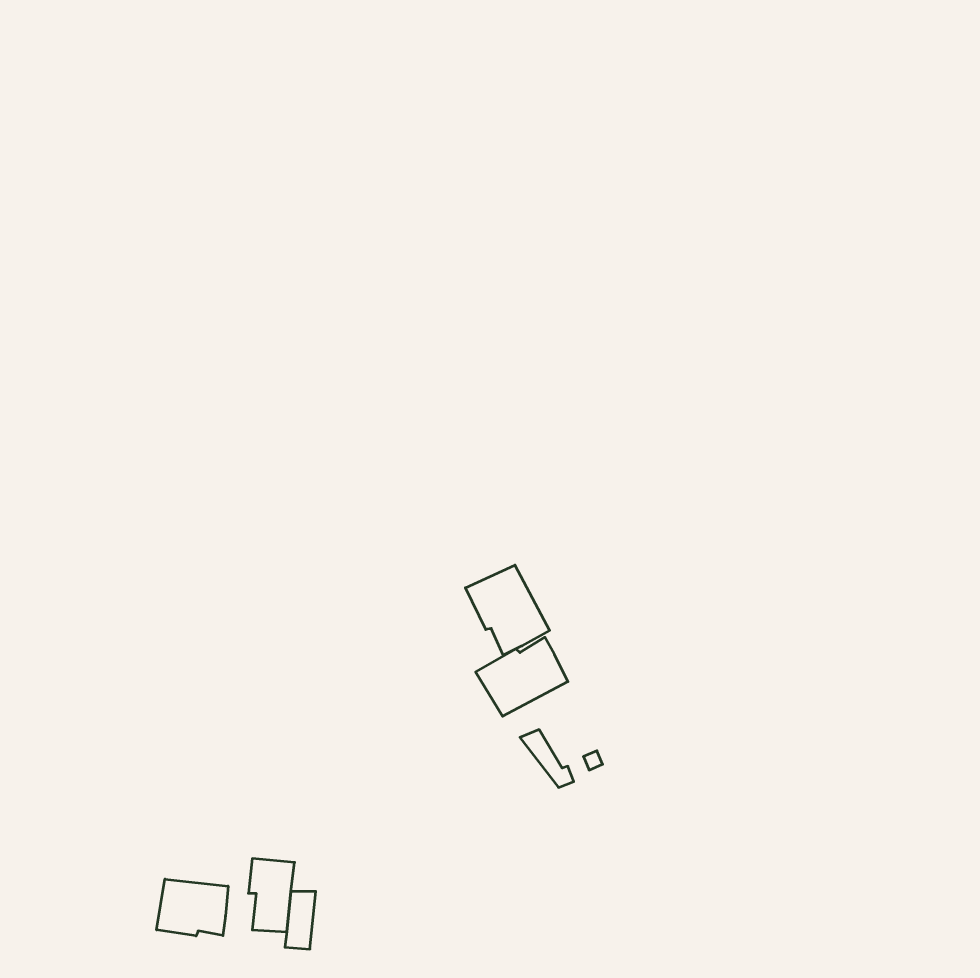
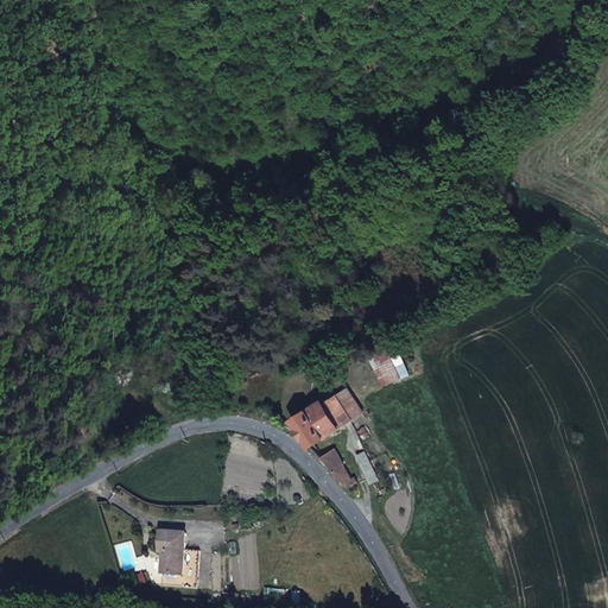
building: [465,565,550,655] -> none
building: [157,879,228,936] -> none

